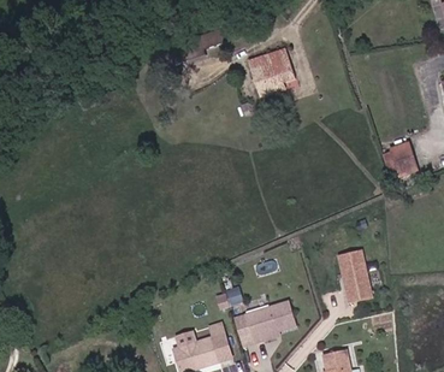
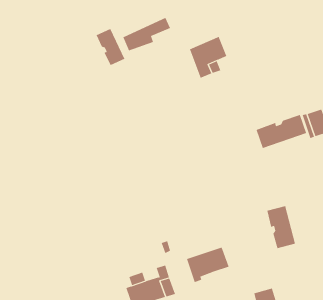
building: none -> [96,28,125,66]
building: none -> [256,114,307,149]

